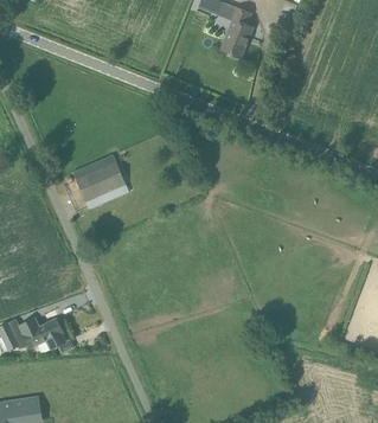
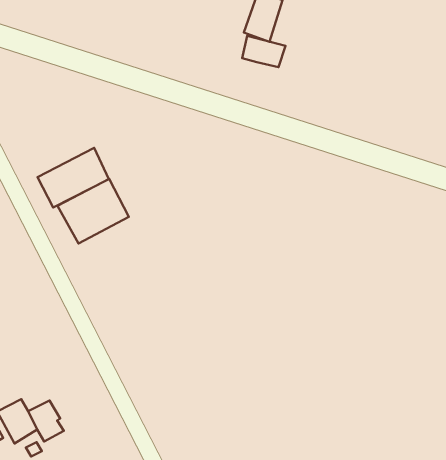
building: none -> [242,36,285,67]
building: none -> [37,148,109,207]

